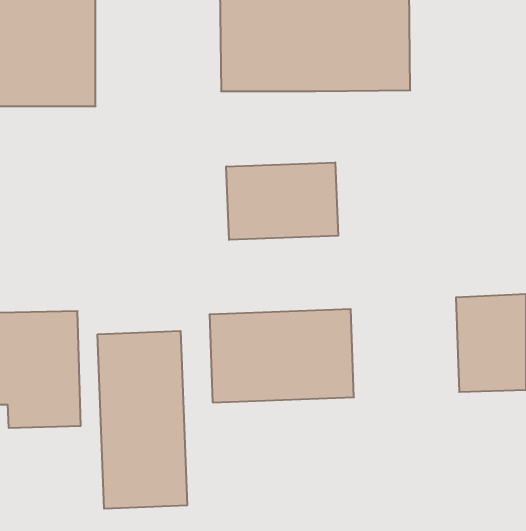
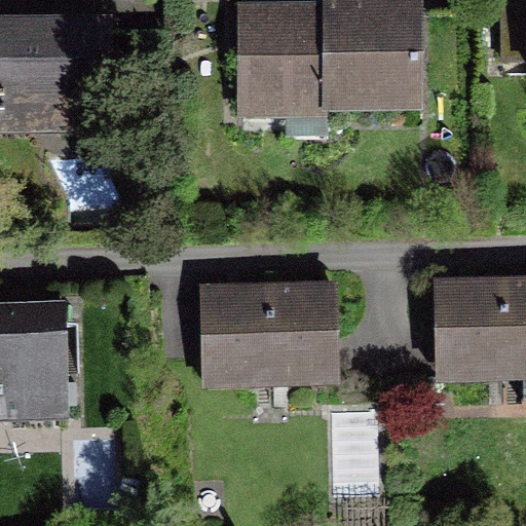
building: [226,162,338,240] -> none
building: [98,331,187,509] -> none

